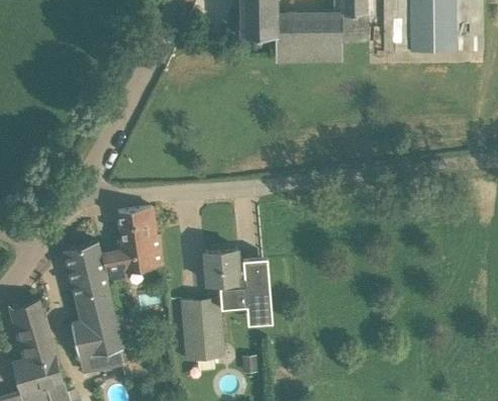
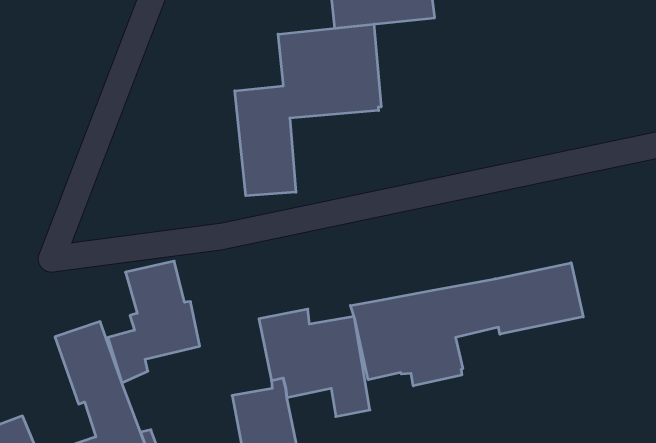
building: none -> [235,24,381,196]
building: none -> [350,263,583,386]

